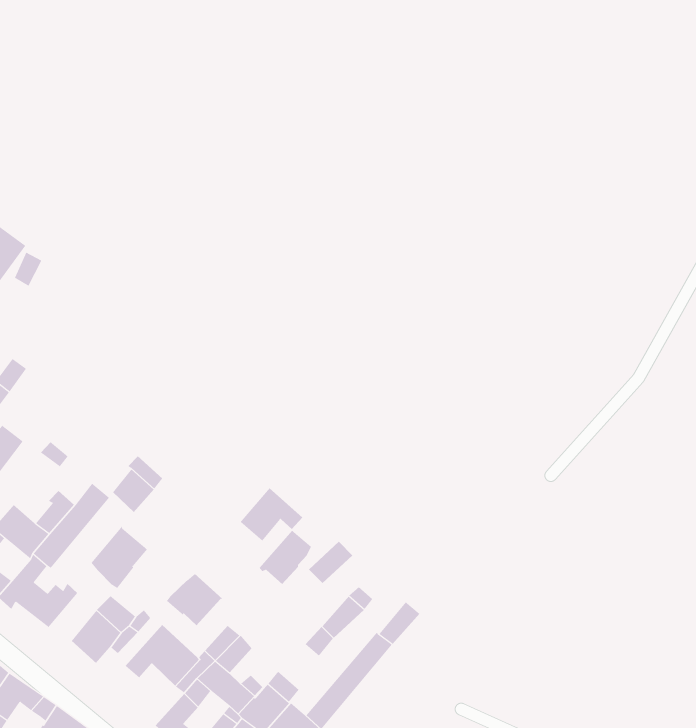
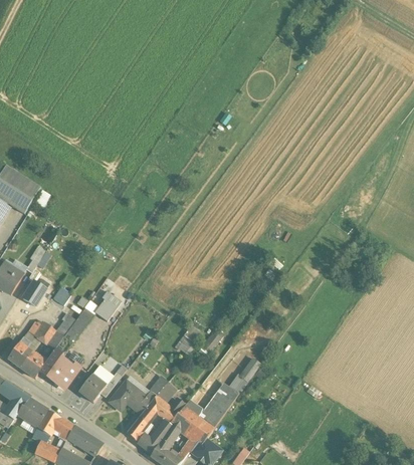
building: [240,488,303,542] -> none
building: [91,526,148,589] -> none
building: [166,573,223,626] -> none

